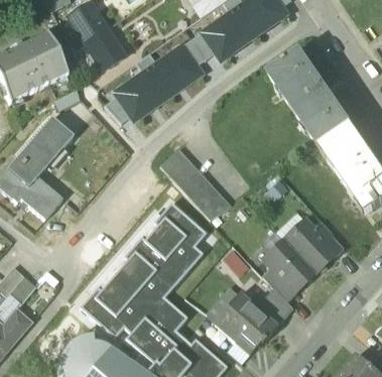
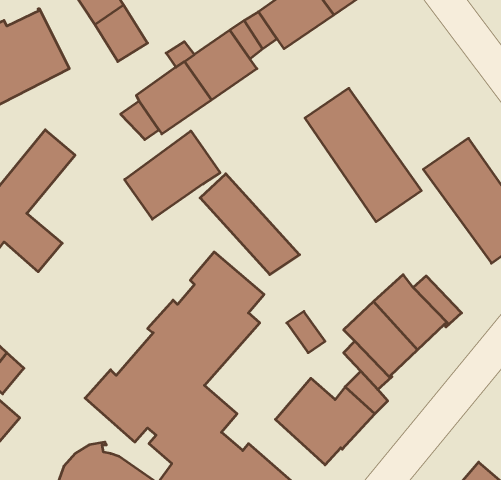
building: [268,49,351,144] -> [305,88,421,222]
building: none -> [125,131,220,219]

